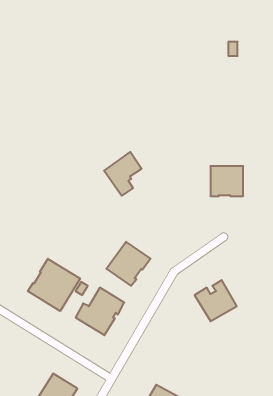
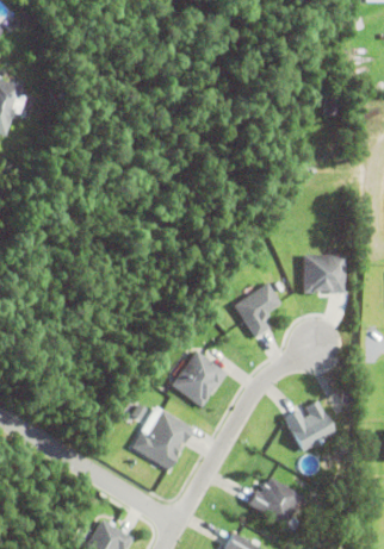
building: [104,152,142,196] -> [233,282,280,338]
building: [28,259,80,311] -> none
building: none -> [248,478,303,526]

